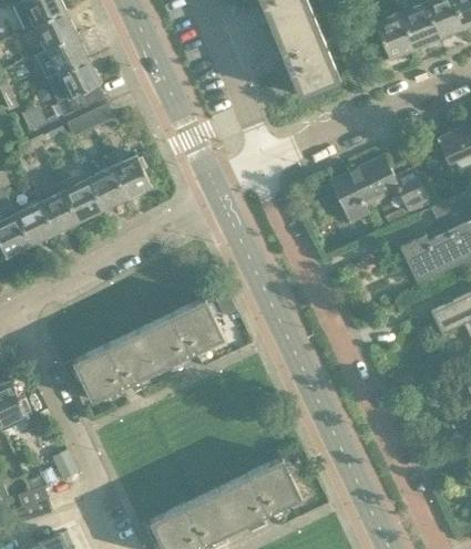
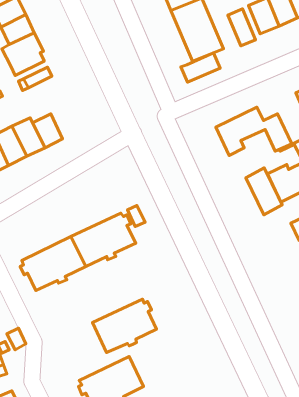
building: none -> [228,9,256,46]
building: none -> [181,53,220,82]
building: [111,156,152,200] -> none
building: none -> [246,168,282,215]
building: [215,458,300,529] -> [92,299,157,353]

